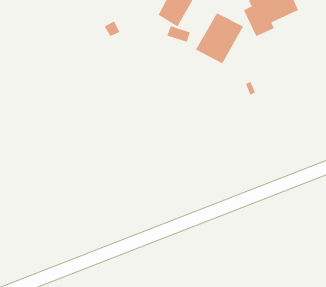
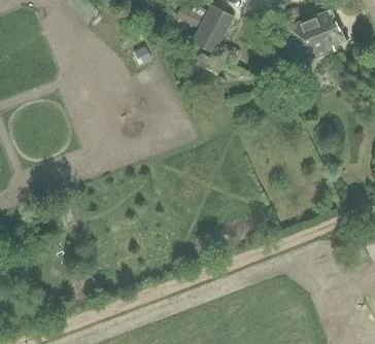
building: [195,13,244,64] -> none

